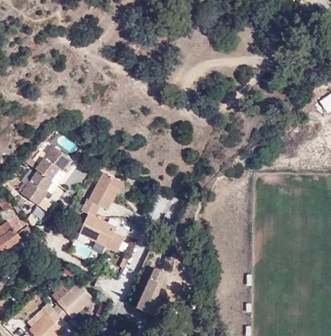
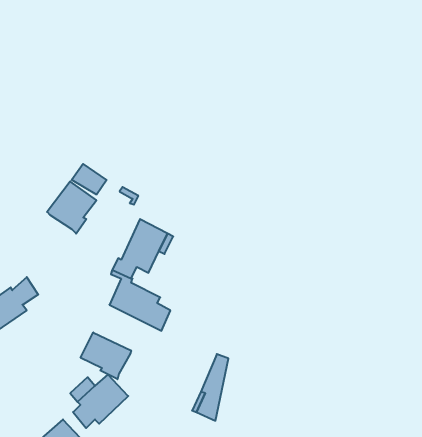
building: [20,169,57,208] -> none
building: none -> [81,332,131,379]

